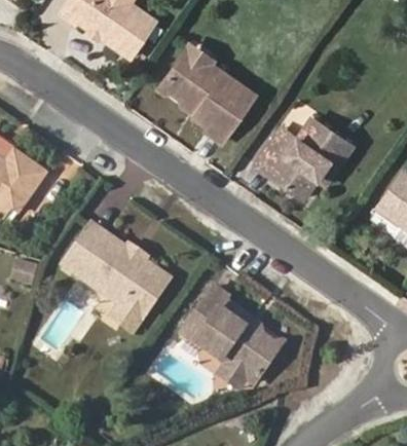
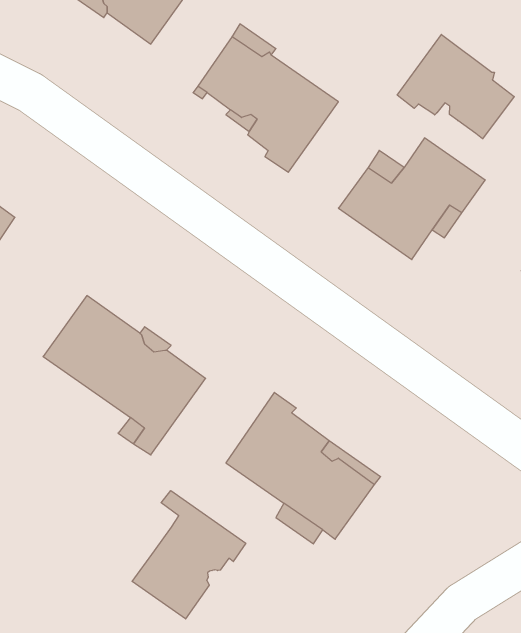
building: none -> [397,34,514,139]
building: none -> [132,491,246,619]

